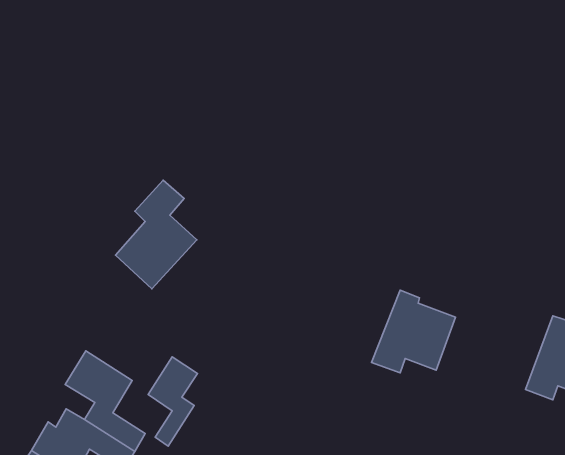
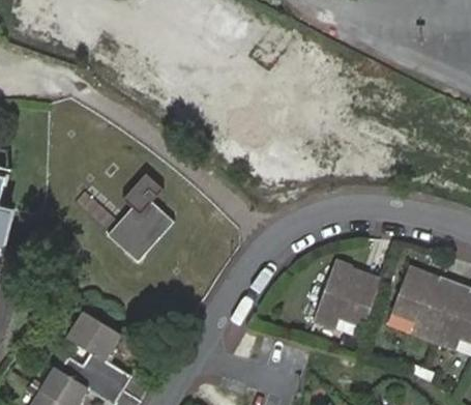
building: none -> [393,267,458,341]
building: [148,357,197,446] -> none

